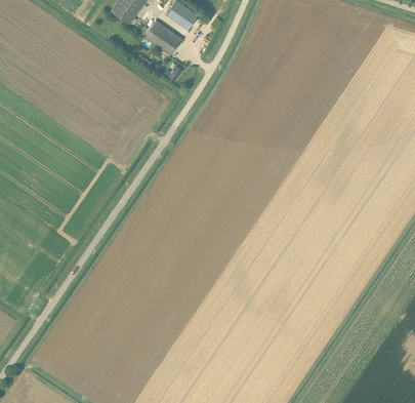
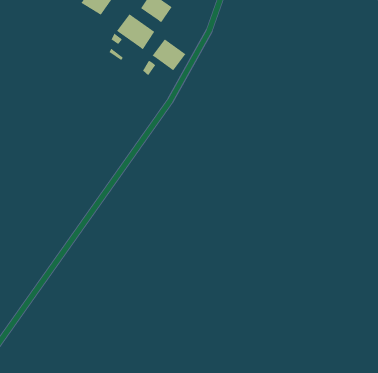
building: none -> [152,38,186,71]

